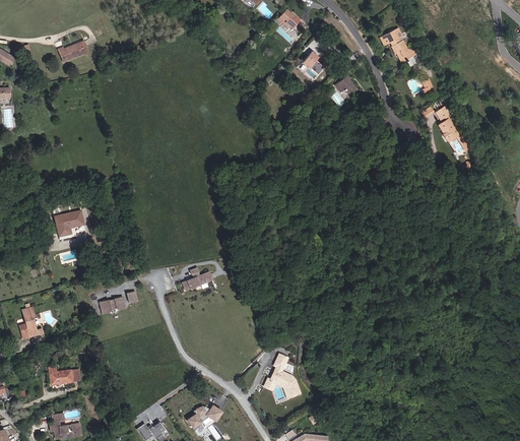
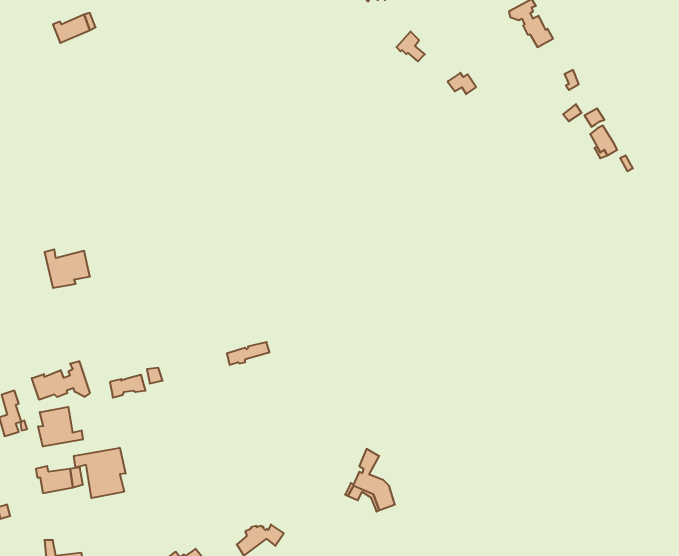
building: none -> [32,361,90,400]
building: none -> [38,407,83,447]
building: none -> [74,448,126,498]

